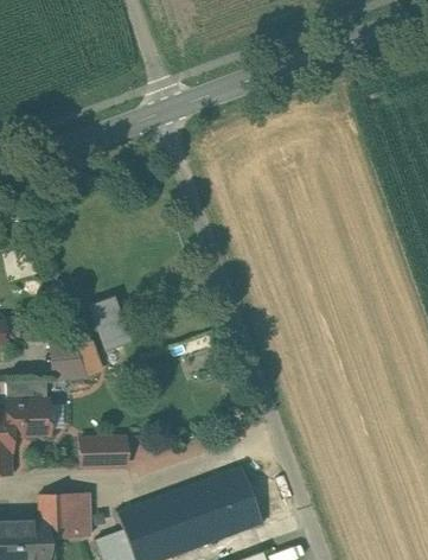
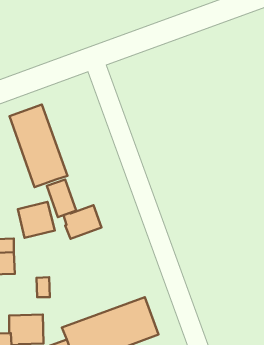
building: none -> [9,105,67,187]
building: none -> [64,205,102,239]
building: [98,437,126,466] -> none

